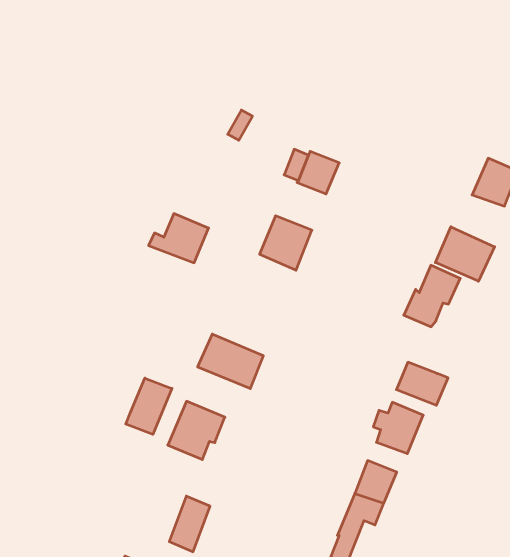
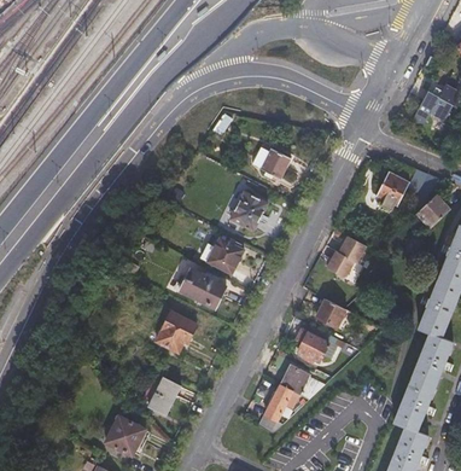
building: [149,214,209,263] -> [199,238,241,273]
building: [435,227,495,281] -> none
building: [126,378,172,434] -> none

